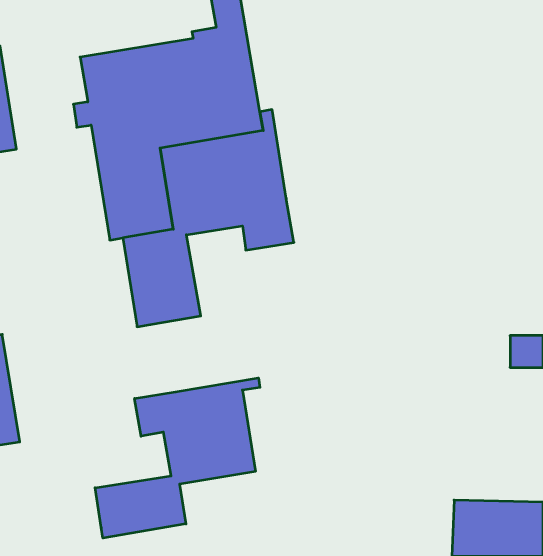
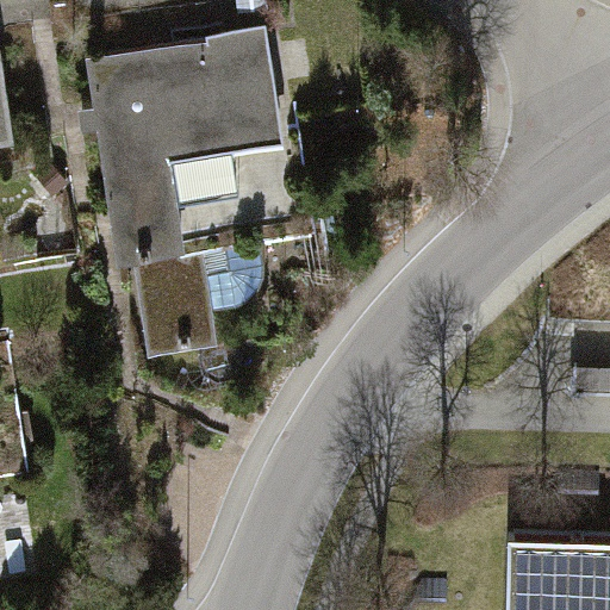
building: [95,378,260,538] -> none

